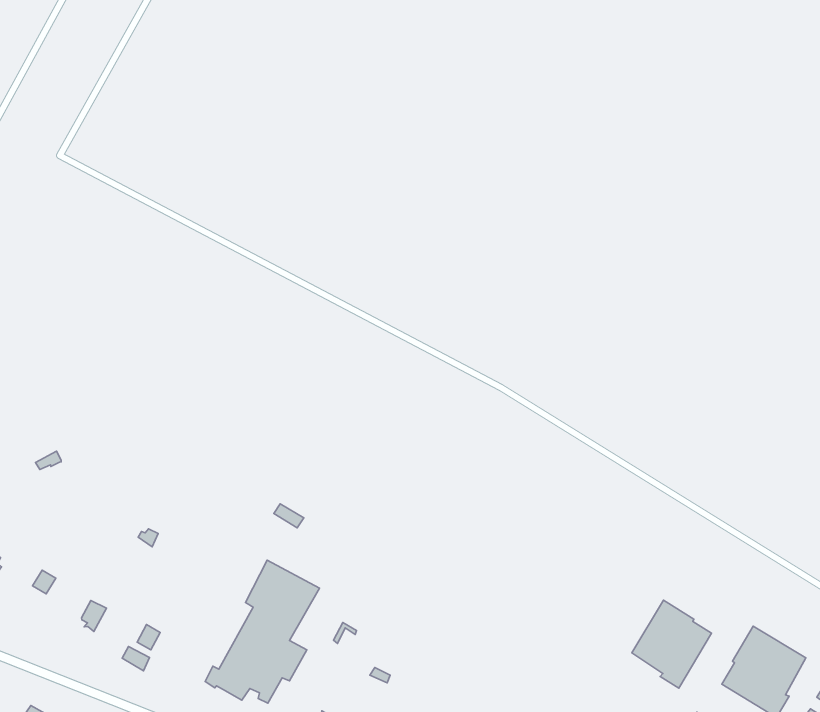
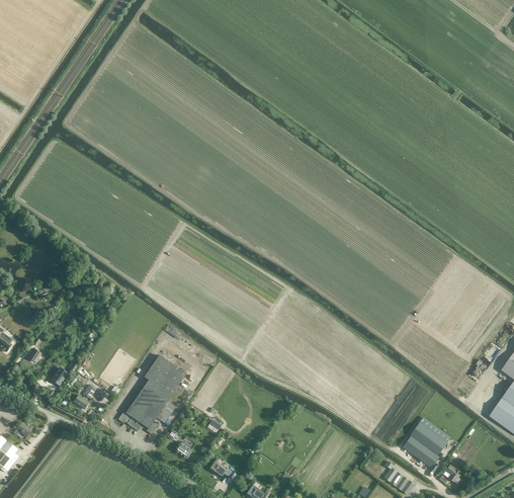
building: [632,600,712,688] -> none

